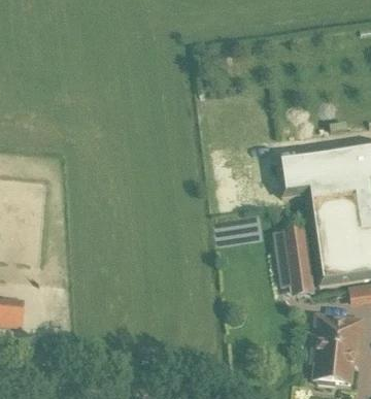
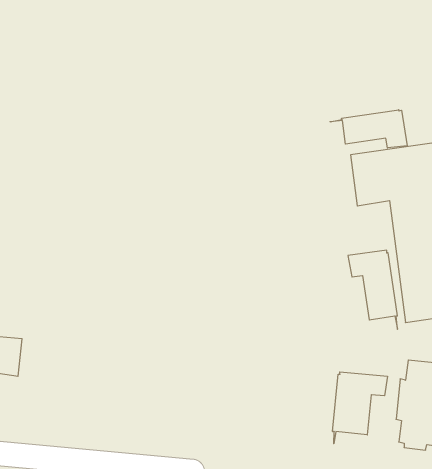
building: none -> [330,110,407,148]
building: none -> [333,372,387,444]

